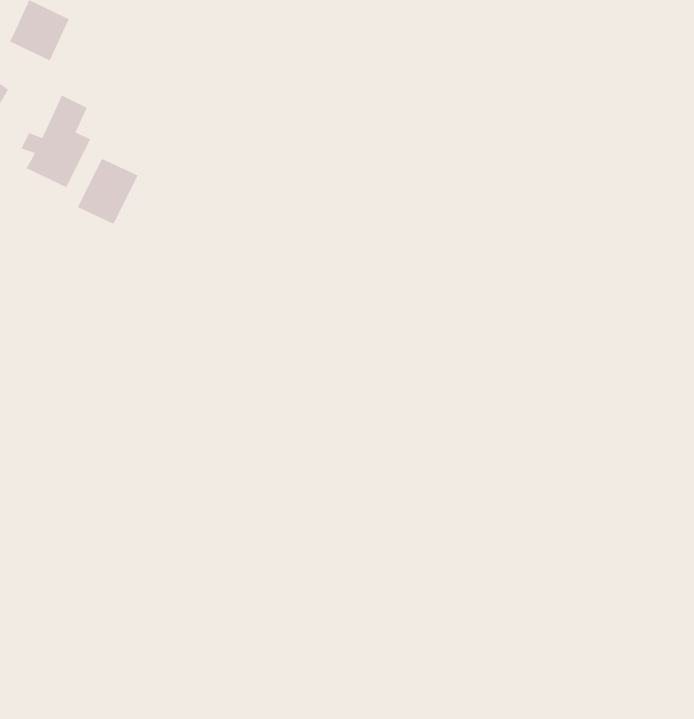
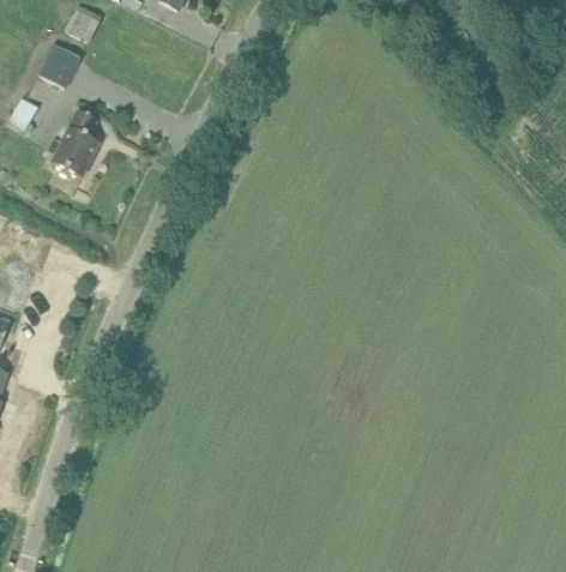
building: [77,158,139,225] -> none

